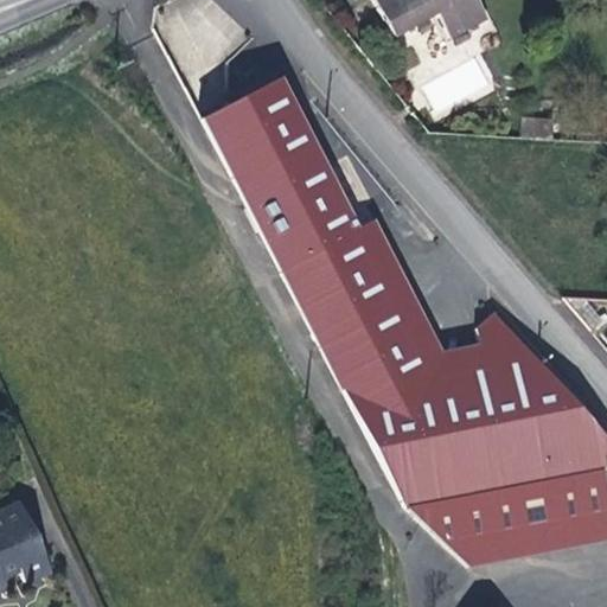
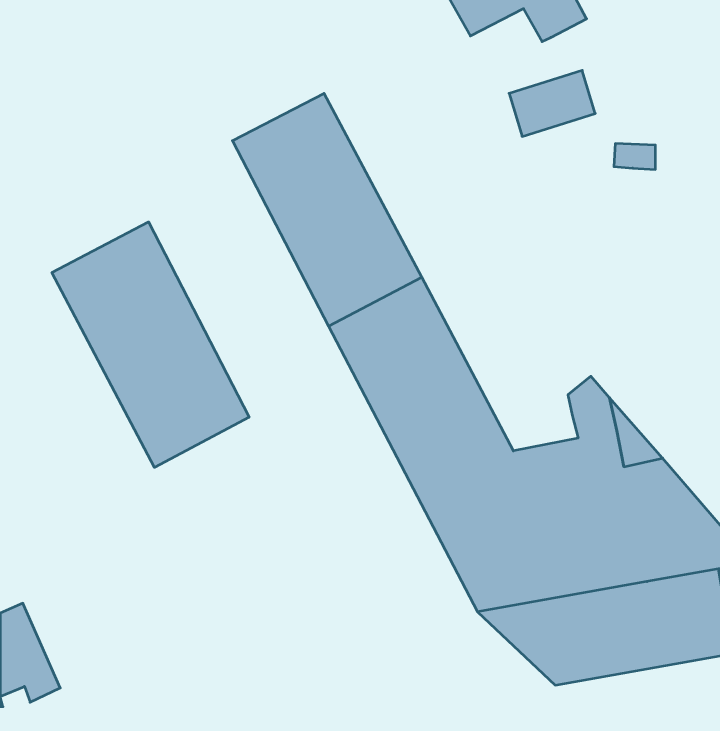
building: none -> [52,222,249,467]
building: [359,219,488,372] -> none

